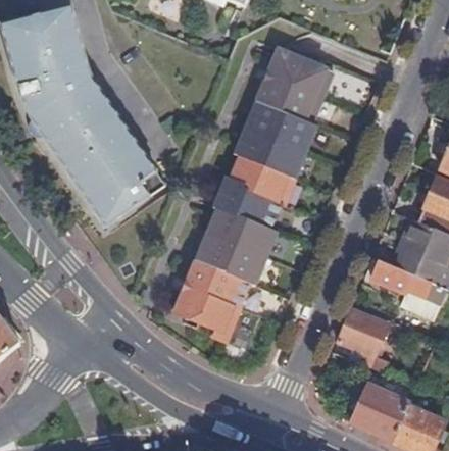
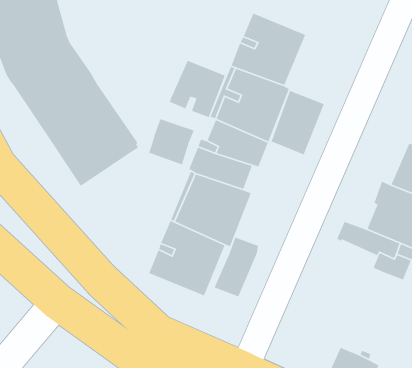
building: none -> [169,60,226,118]
building: none -> [270,90,325,156]
building: none -> [148,118,195,166]
building: none -> [214,236,259,297]
building: [337,309,387,358] -> none

